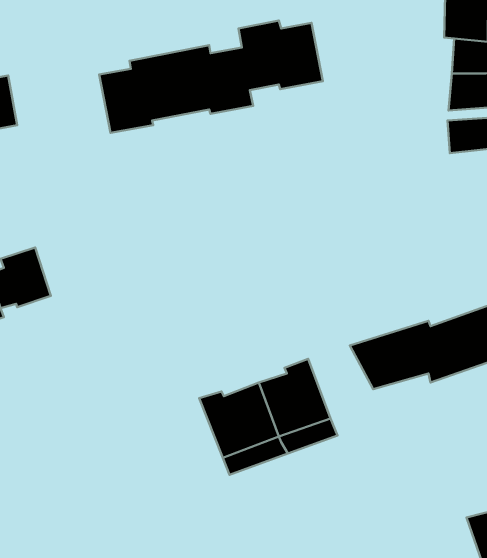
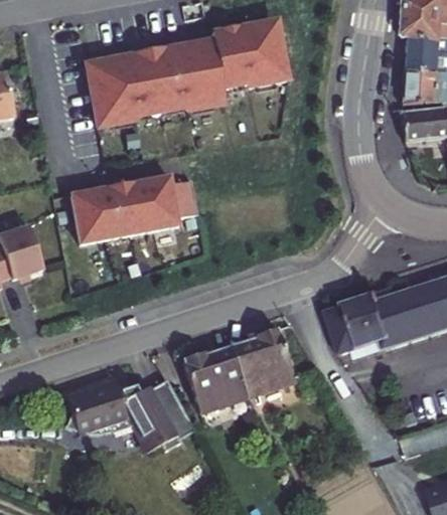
building: none -> [72,173,199,241]
building: none -> [67,386,198,461]

